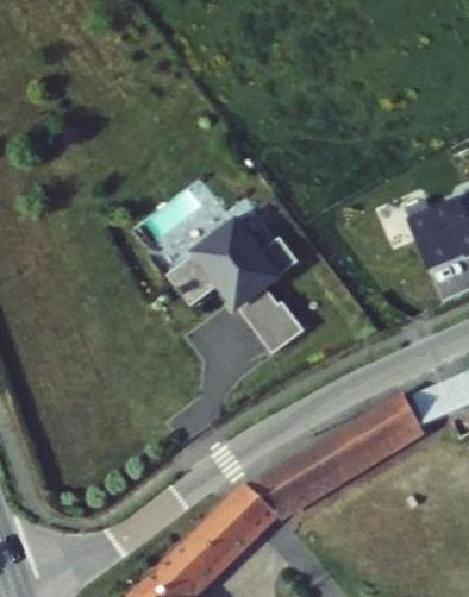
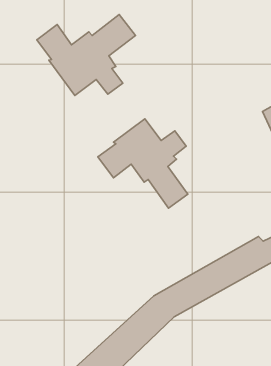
building: none -> [37,15,135,95]

